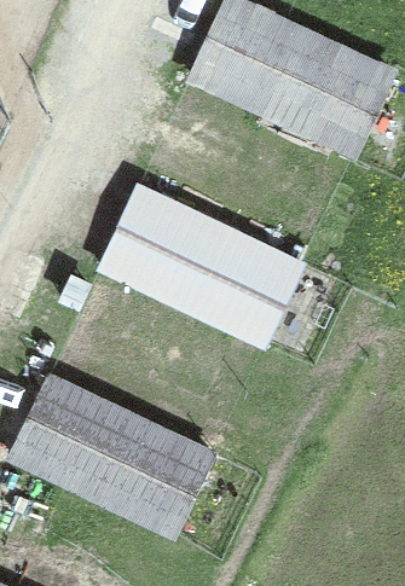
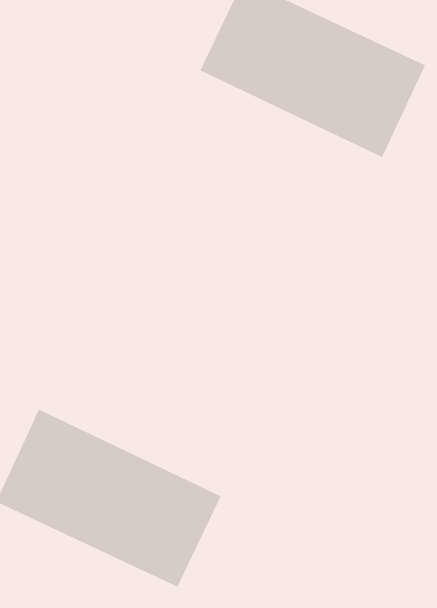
building: [100,186,301,344] -> none

